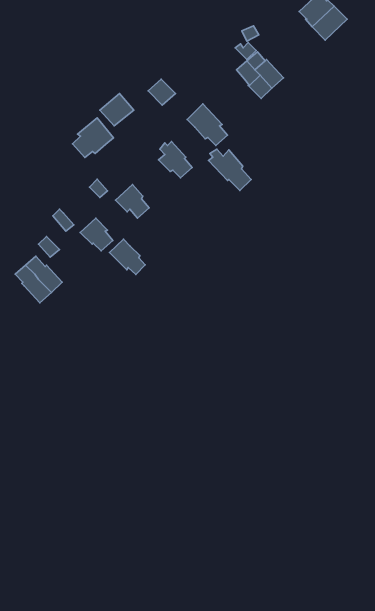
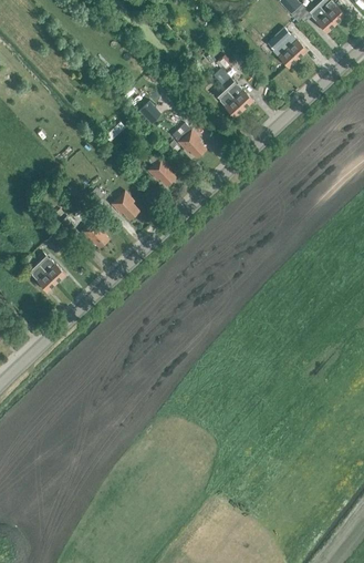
building: [73,118,114,158] -> none
building: [209,149,251,191] -> none
building: [109,239,145,275] -> none

